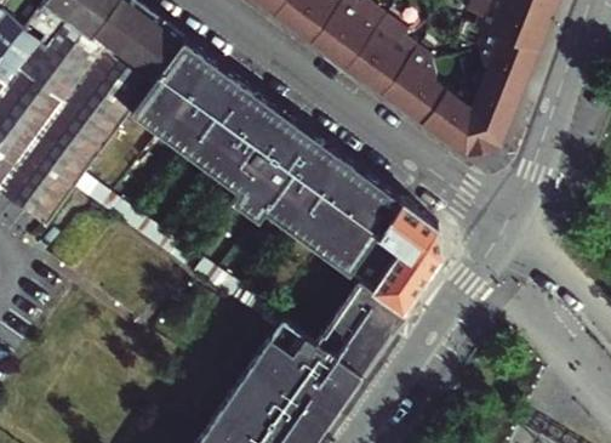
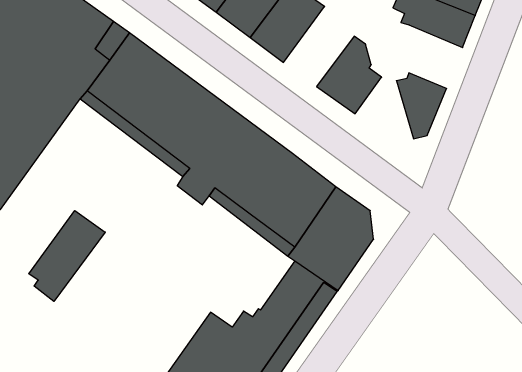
building: [346,12,421,97] -> none
building: [473,32,536,100] -> none
building: [422,87,484,159] -> none
building: none -> [29,211,105,301]

